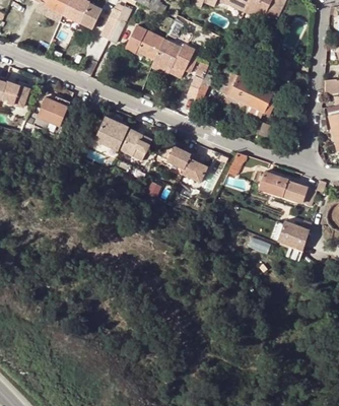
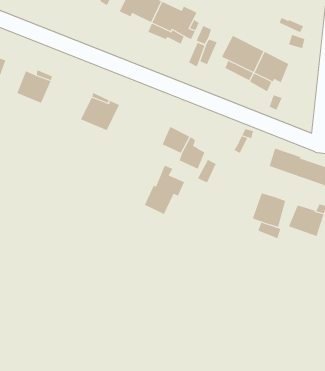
building: [117,133,147,163] -> none
building: none -> [144,165,185,215]
building: none -> [252,192,286,227]

